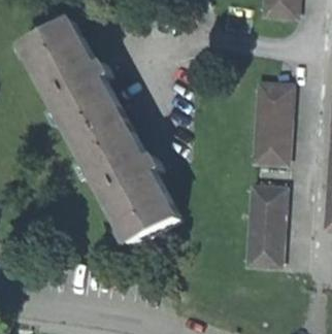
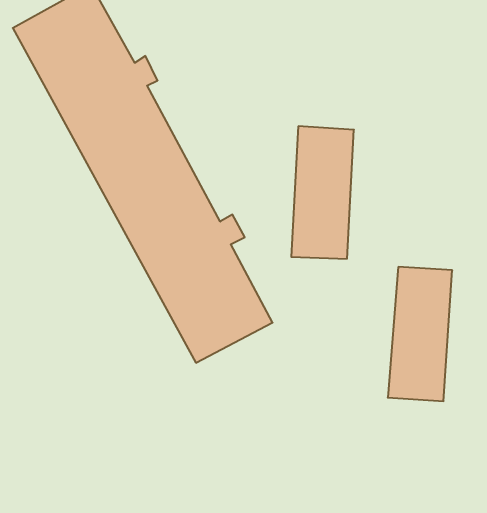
building: [252,83,289,162] -> [291,126,354,259]

